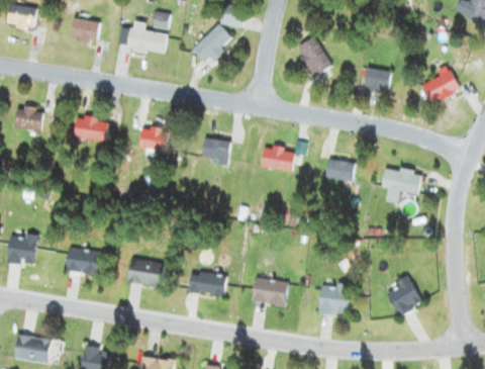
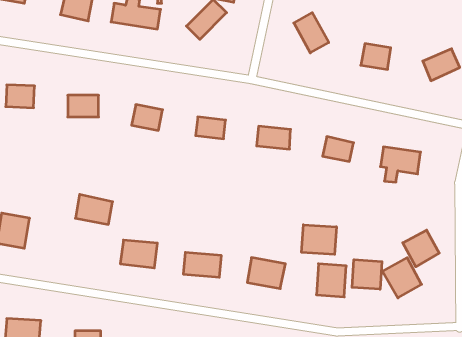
building: none -> [302,225,336,254]
building: [65,247,101,276] -> [75,194,113,224]
building: none -> [403,230,439,267]
building: none -> [352,260,382,289]

